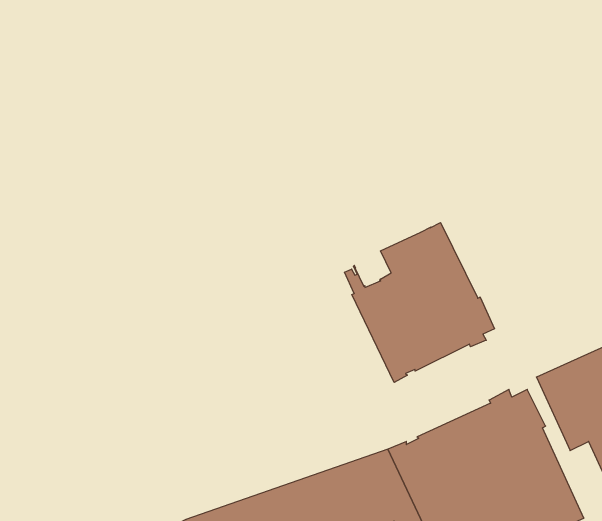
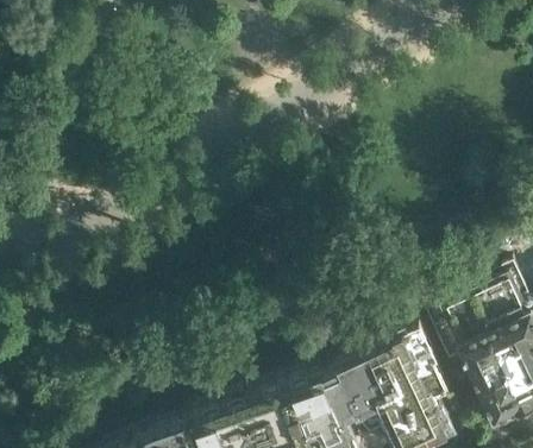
building: [345,223,495,382] -> none

